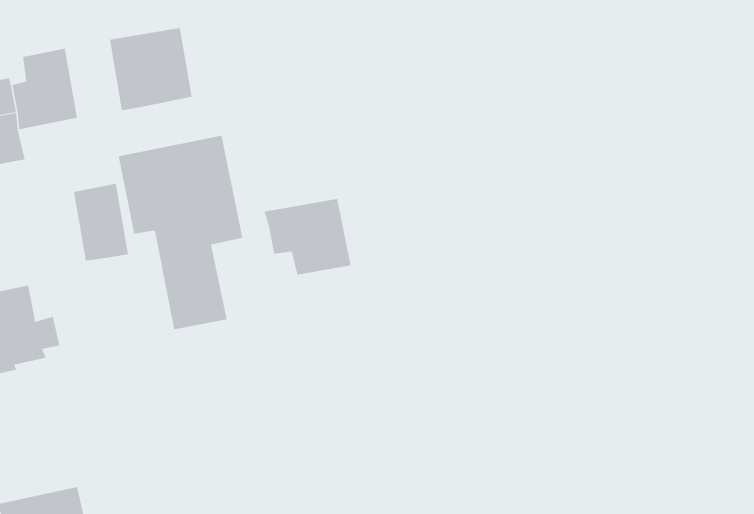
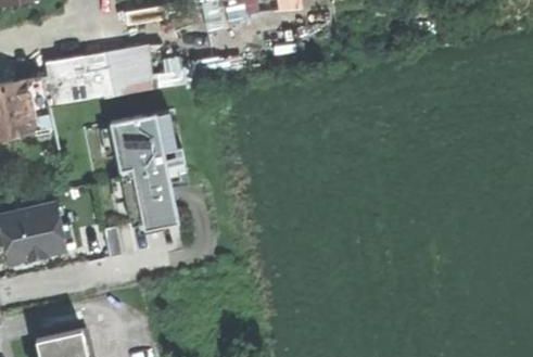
building: [73,183,129,261] -> [76,51,111,100]
building: [264,198,351,275] -> none

